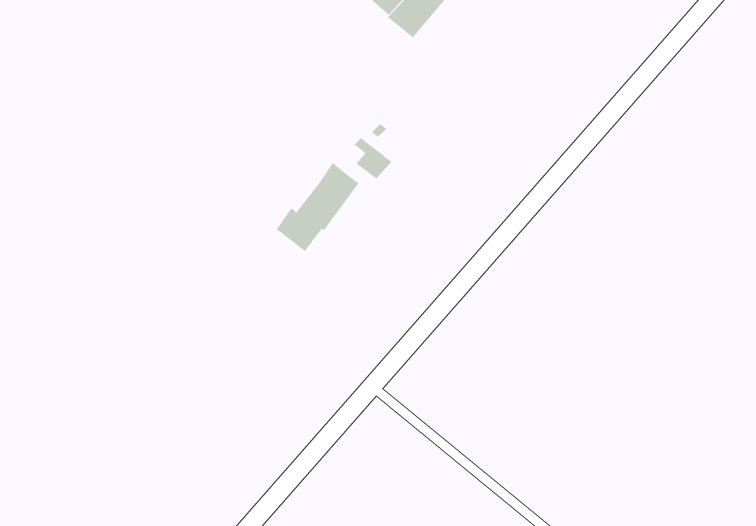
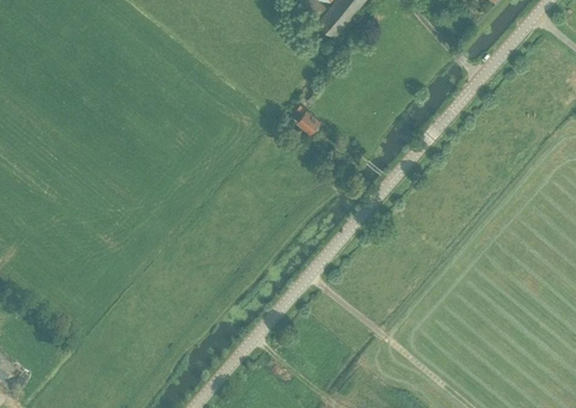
building: [276,162,359,252] -> none

